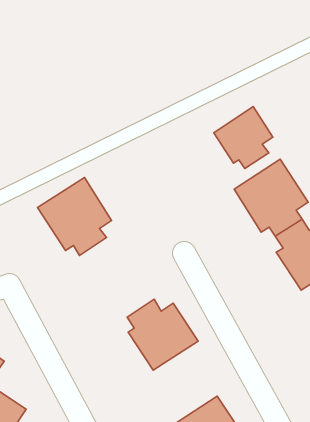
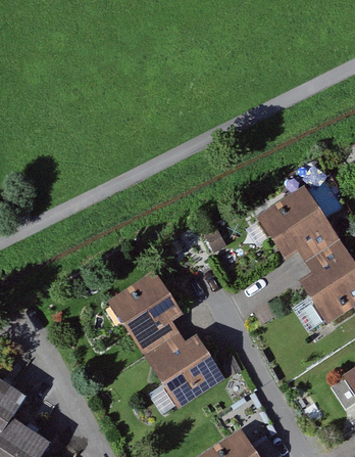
building: [214,107,273,168] -> none
building: [37,178,111,256] -> [107,270,183,350]

